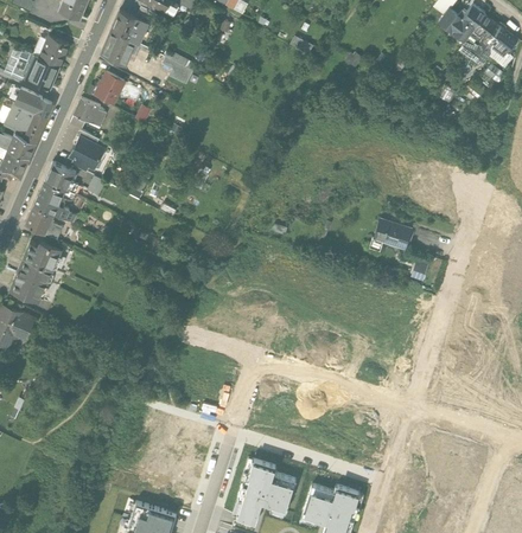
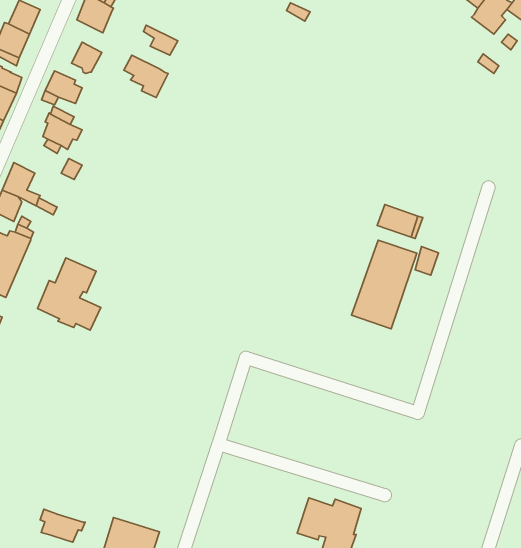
building: none -> [124,55,168,97]
building: [45,163,78,195] -> none
building: none -> [352,240,417,329]
building: none -> [37,258,101,330]
building: [236,460,297,522] -> none
building: none -> [40,509,85,542]

